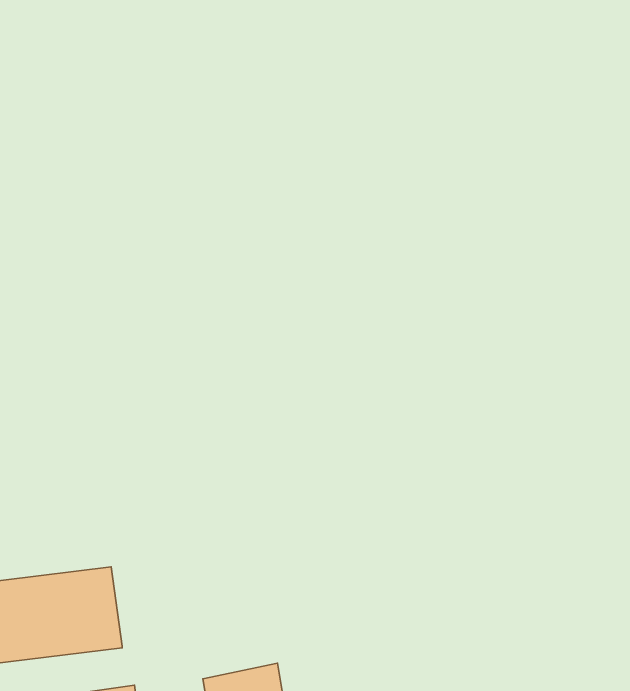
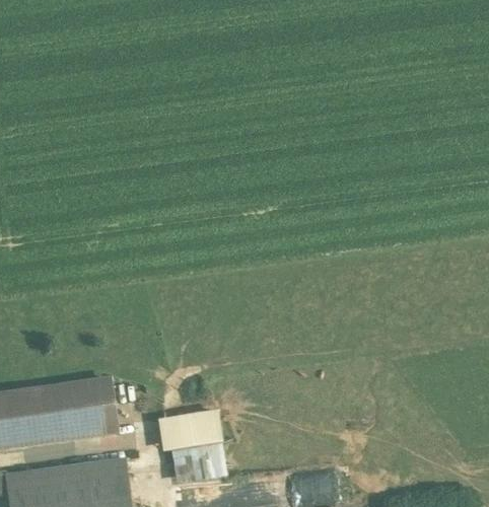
building: none -> [151,410,219,454]

